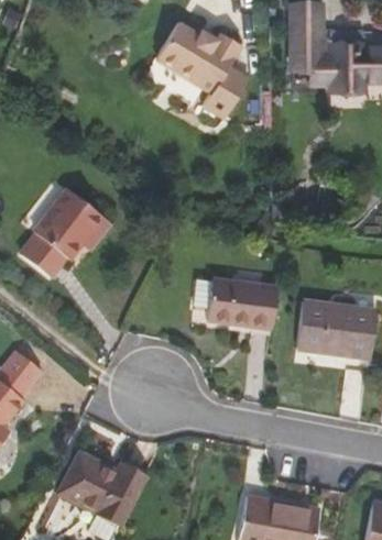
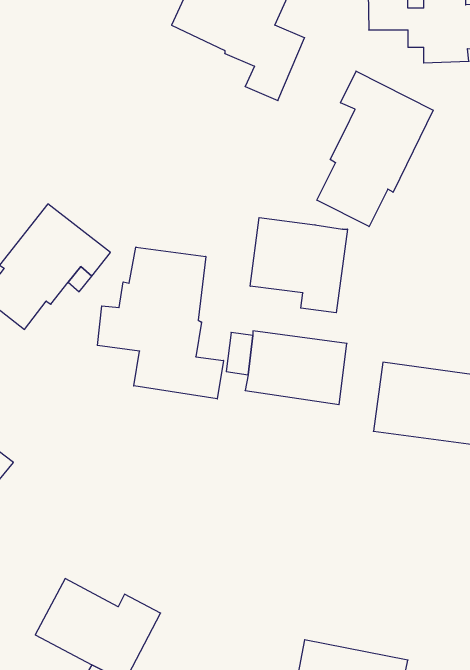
building: none -> [317,71,433,227]
building: none -> [250,218,347,313]
building: none -> [97,247,223,399]

